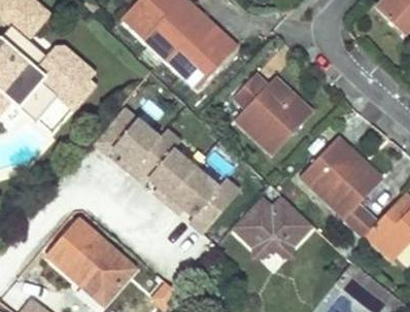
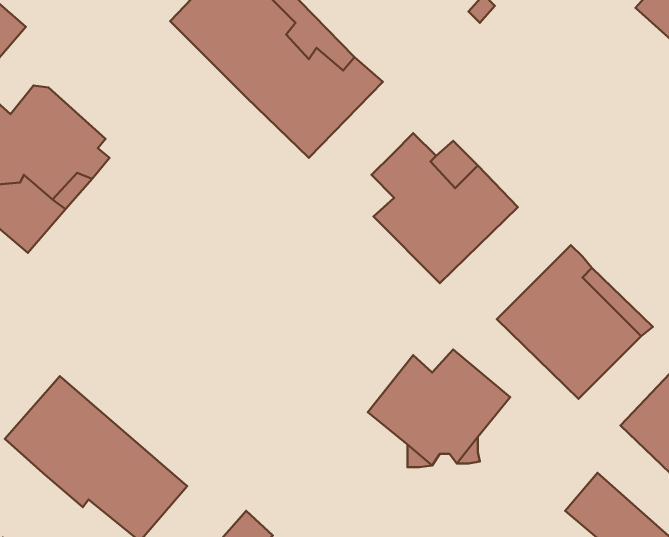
building: [98,109,238,233] -> none

